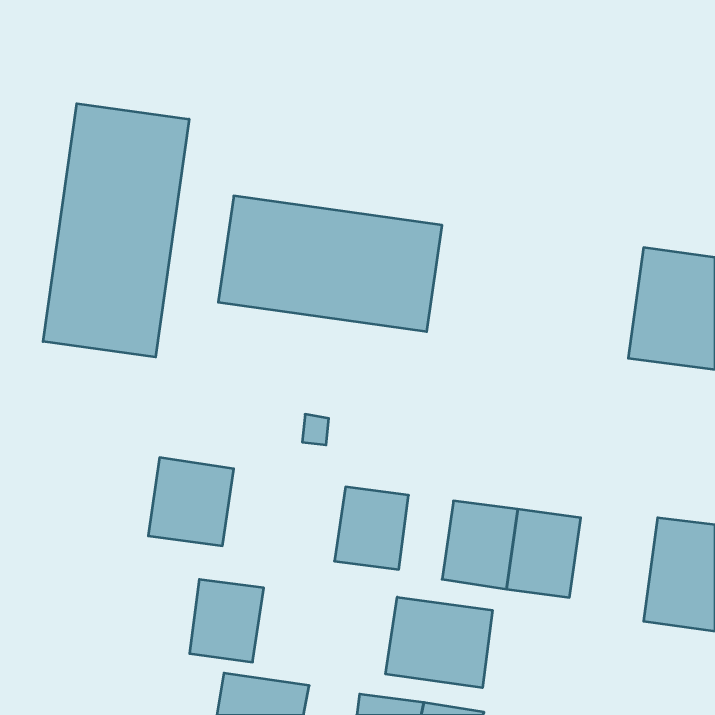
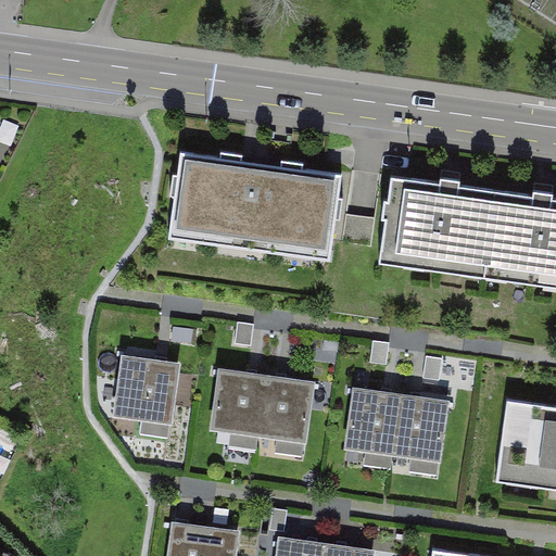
building: [43,104,189,357] -> none
building: none -> [374,177,500,278]
building: [190,579,264,662] -> [211,371,268,435]
building: [386,597,492,688] -> none

